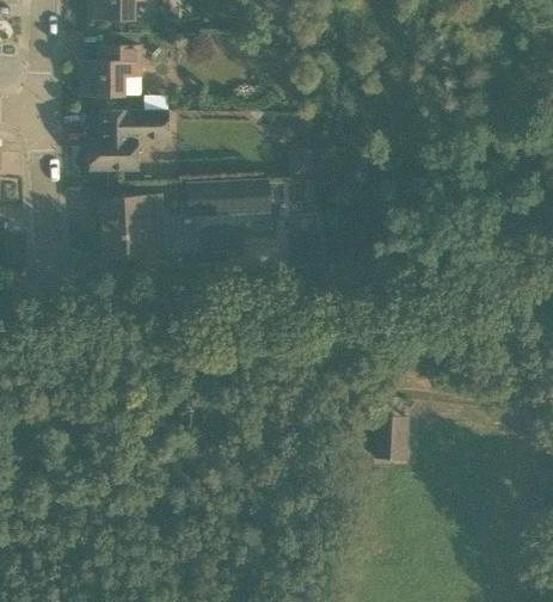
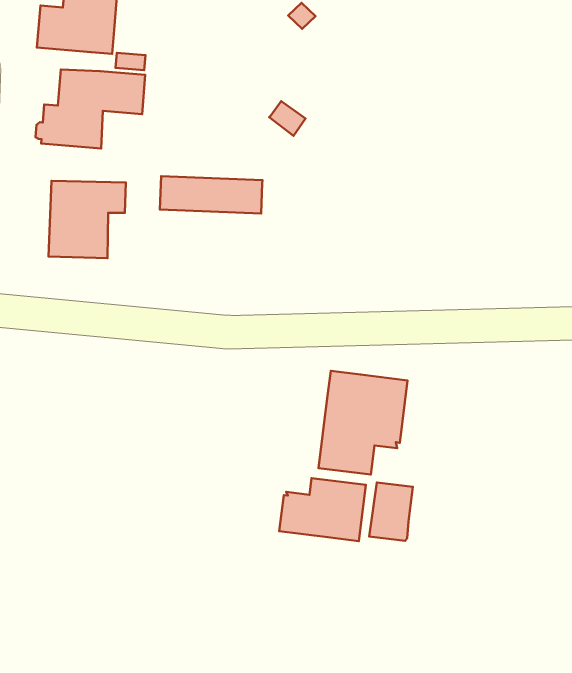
building: none -> [319,371,407,475]
building: none -> [279,478,366,541]

